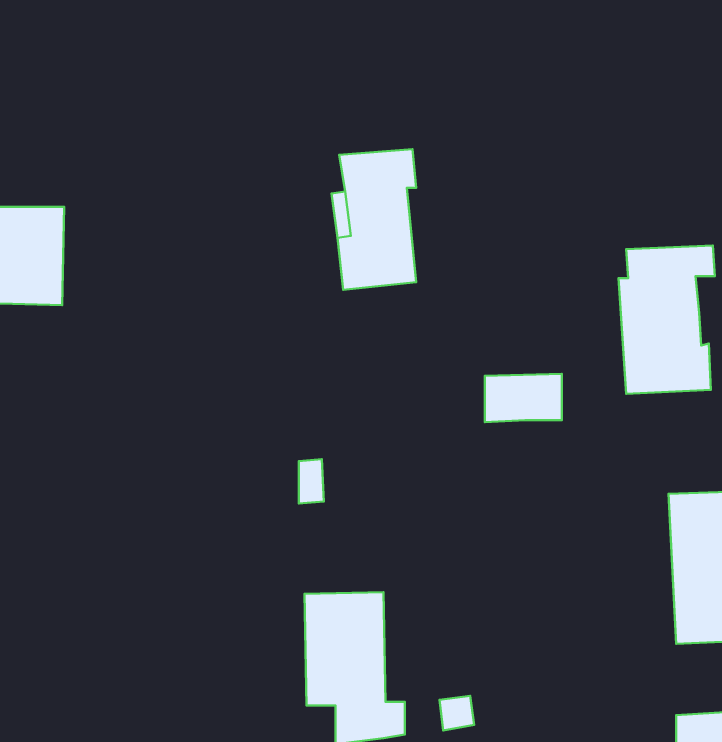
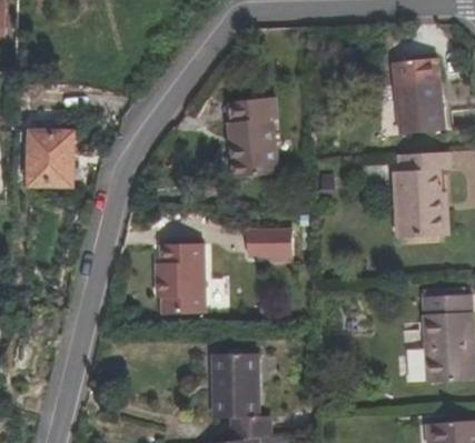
building: none -> [392,57,444,134]
building: [485,374,562,422] -> [246,229,290,256]
building: none -> [155,243,204,313]

